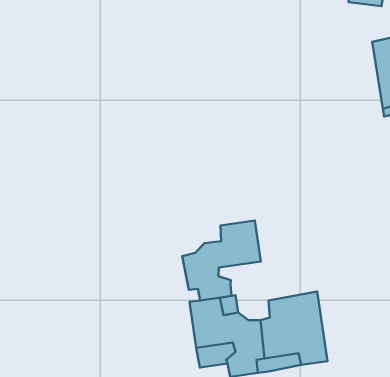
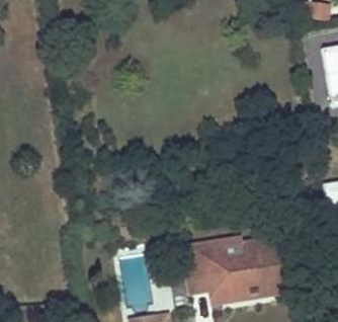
building: [182,220,261,300] -> none

